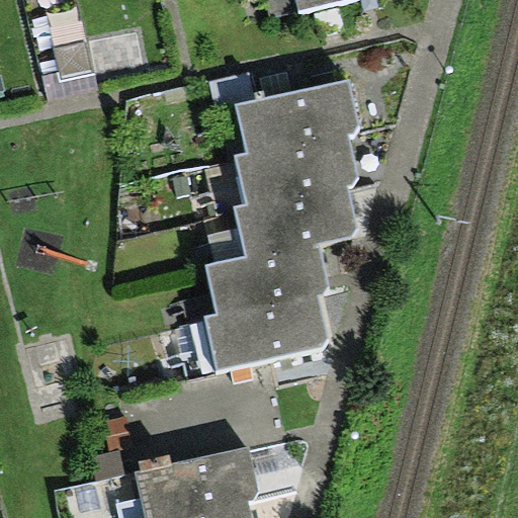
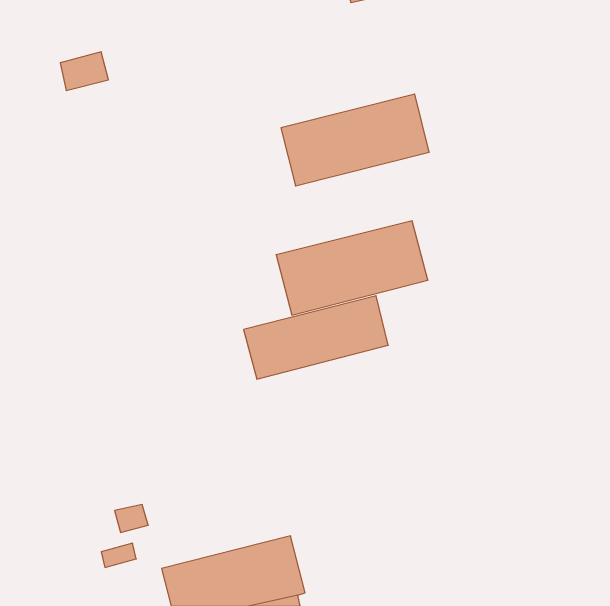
building: [236,132,361,208] -> none
building: [200,294,328,371] -> none

